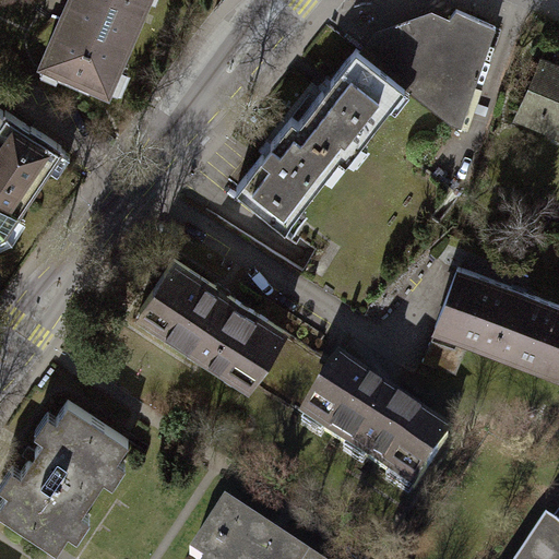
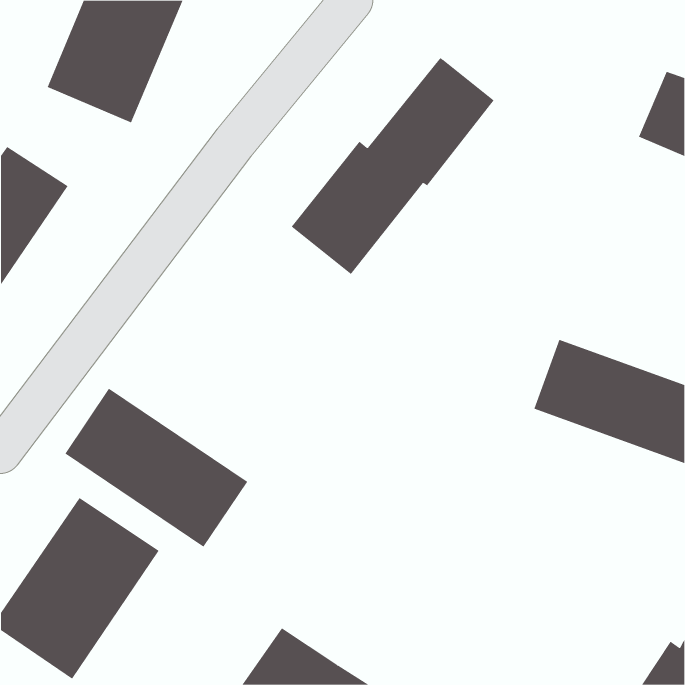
building: [360,9,496,122] -> none
building: [138,264,287,394] -> [64,388,248,547]
building: [301,370,449,500] -> none

